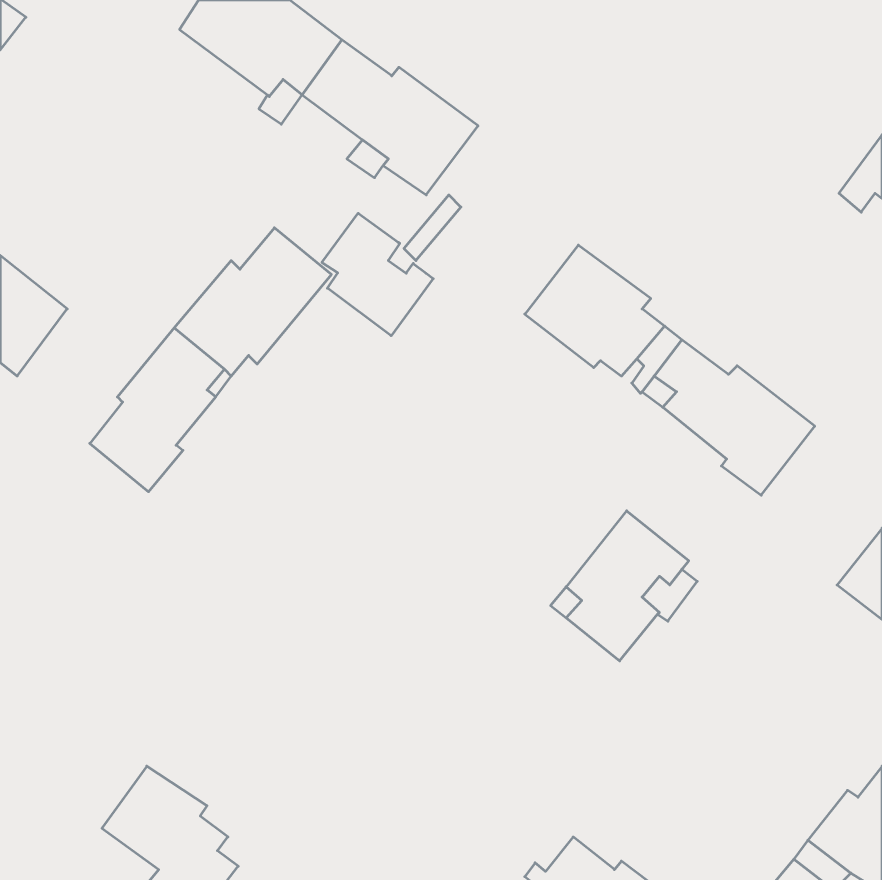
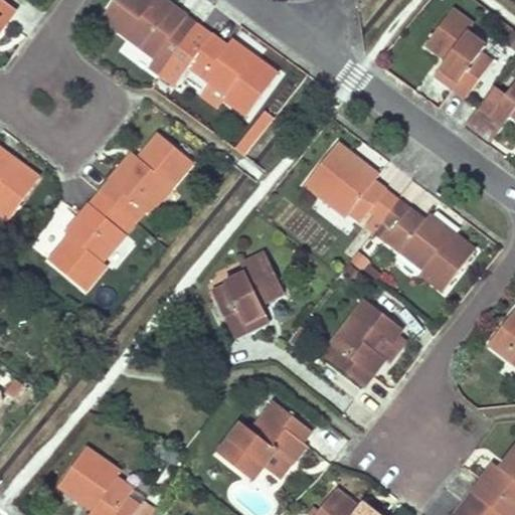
building: none -> [426,8,492,97]
building: [322,213,433,336] -> none
building: none -> [215,251,285,336]
building: none -> [218,401,310,478]

